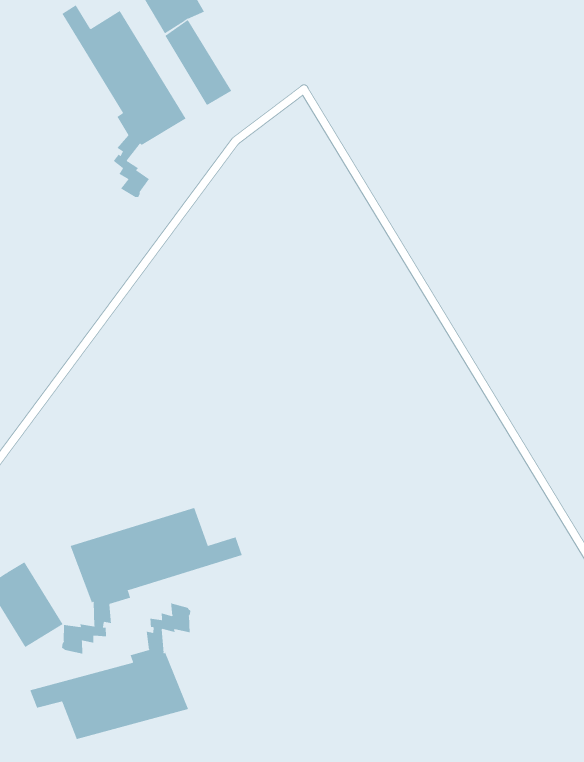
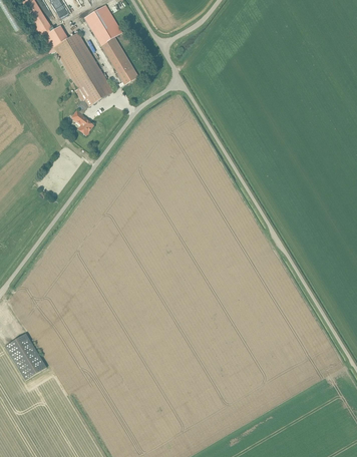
building: [61,507,243,654] -> none
building: [29,603,191,740] -> none

